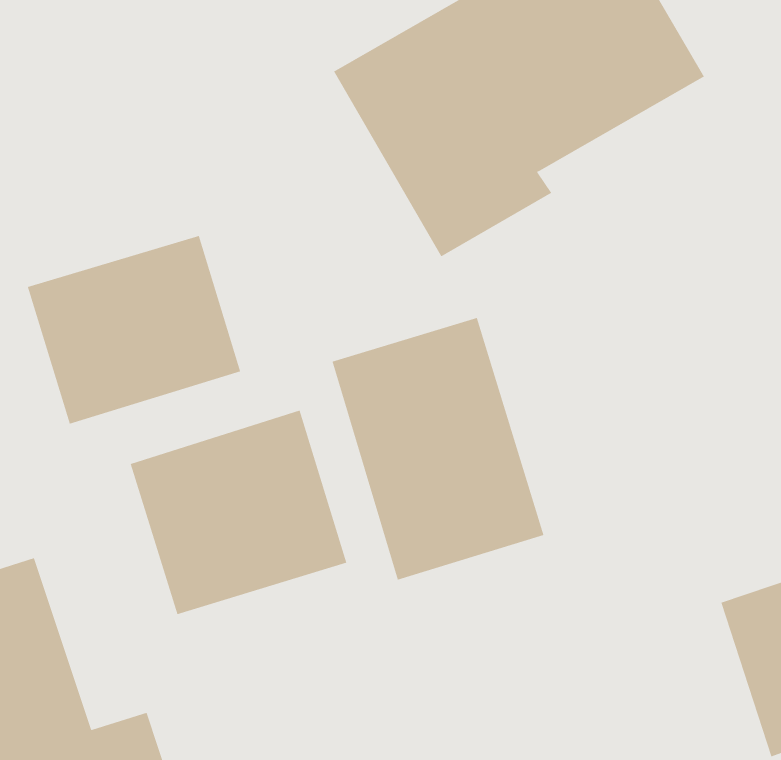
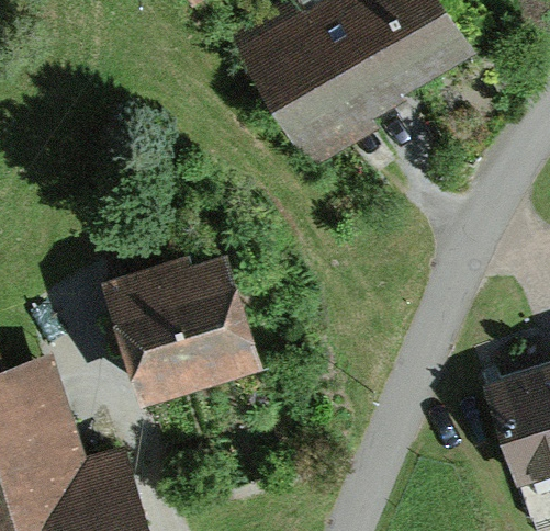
building: [27,235,241,425] -> none
building: [332,317,544,580] -> none

